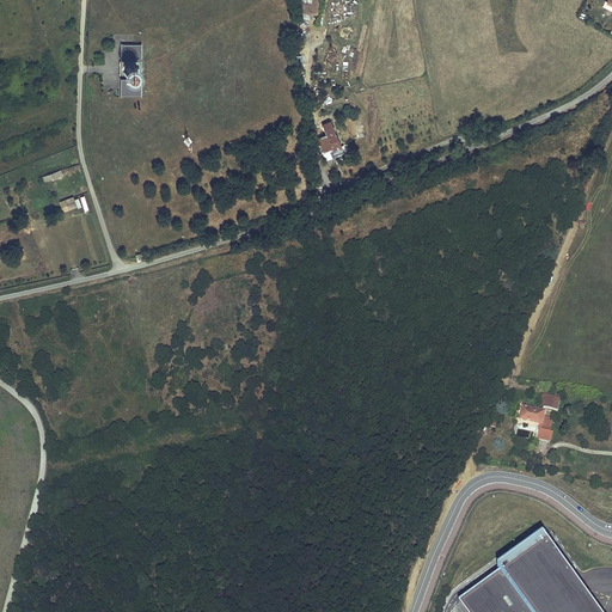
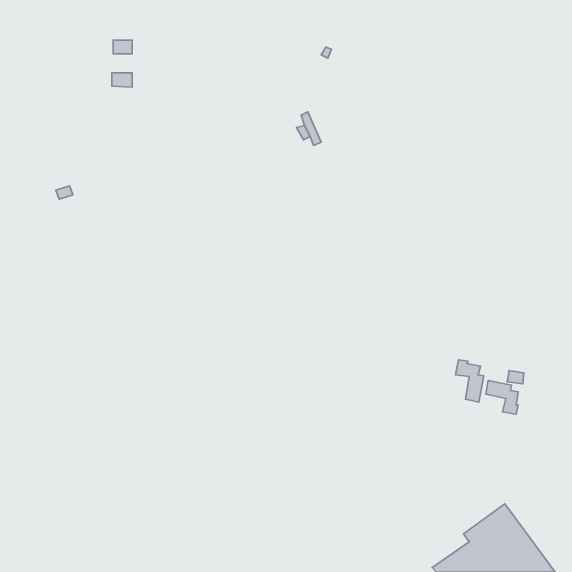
building: none -> [455,360,484,402]

